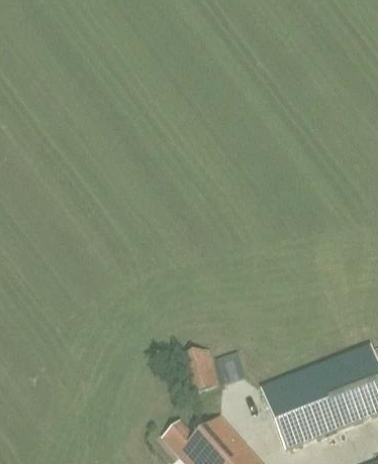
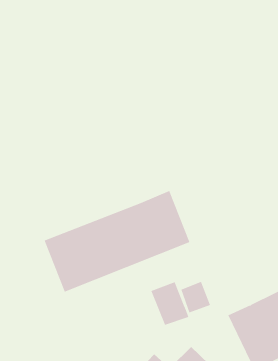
building: none -> [44,190,190,293]

